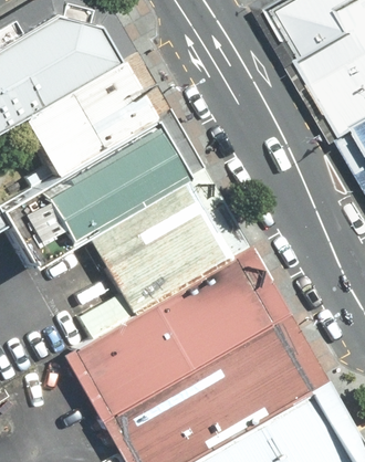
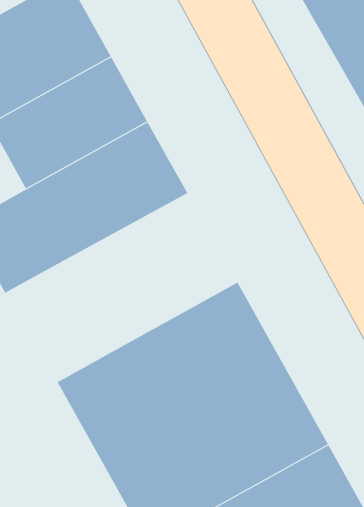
building: [90,182,233,314] -> none

